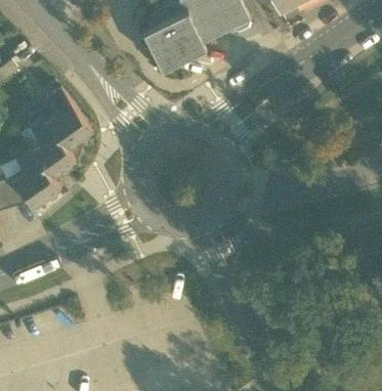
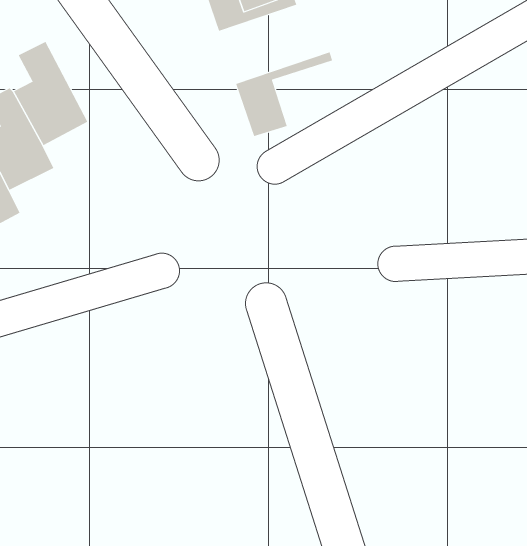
building: none -> [235,51,333,137]

